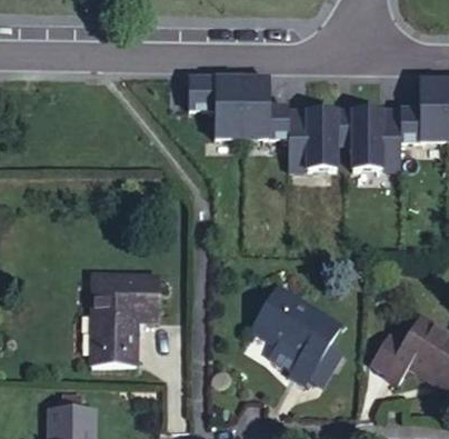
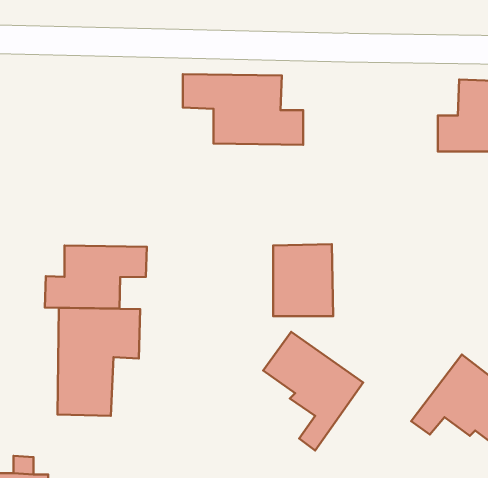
building: [291,110,341,170] -> [273,244,333,316]
building: [353,111,403,171] -> none
building: none -> [45,245,147,309]

